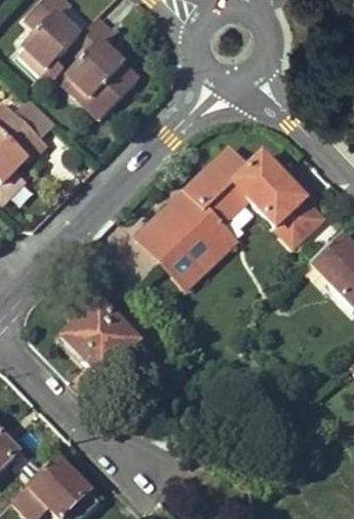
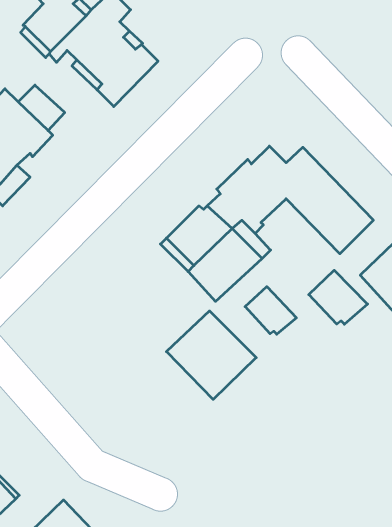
building: none -> [309,270,368,324]
building: none -> [245,287,296,334]
building: [63,299,140,375] -> [166,311,256,399]

